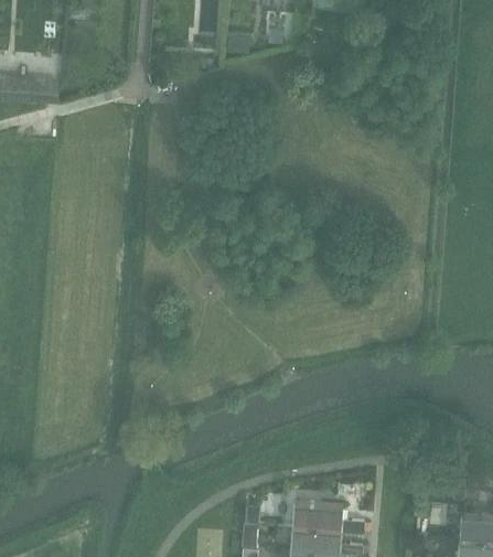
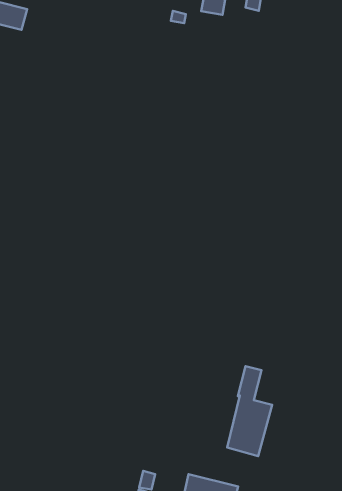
building: none -> [227,366,272,456]

